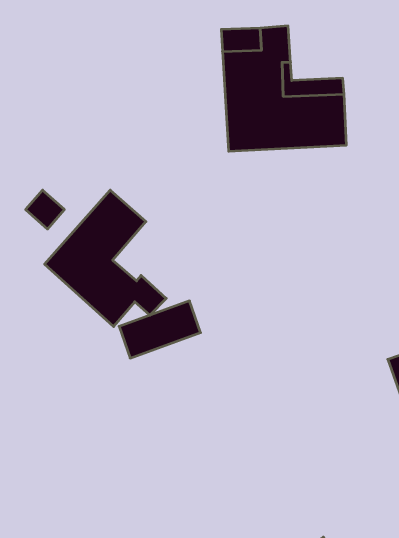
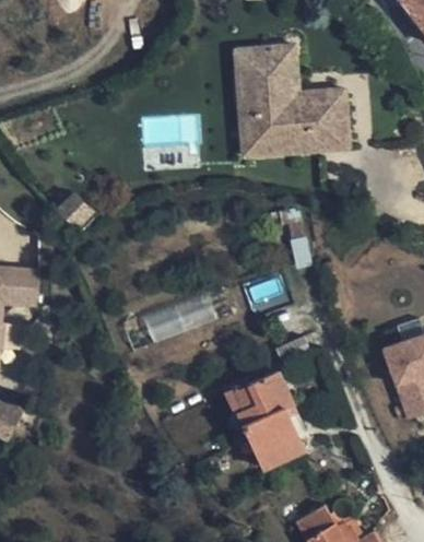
building: [45,190,166,327] -> none
building: none -> [231,370,304,467]

